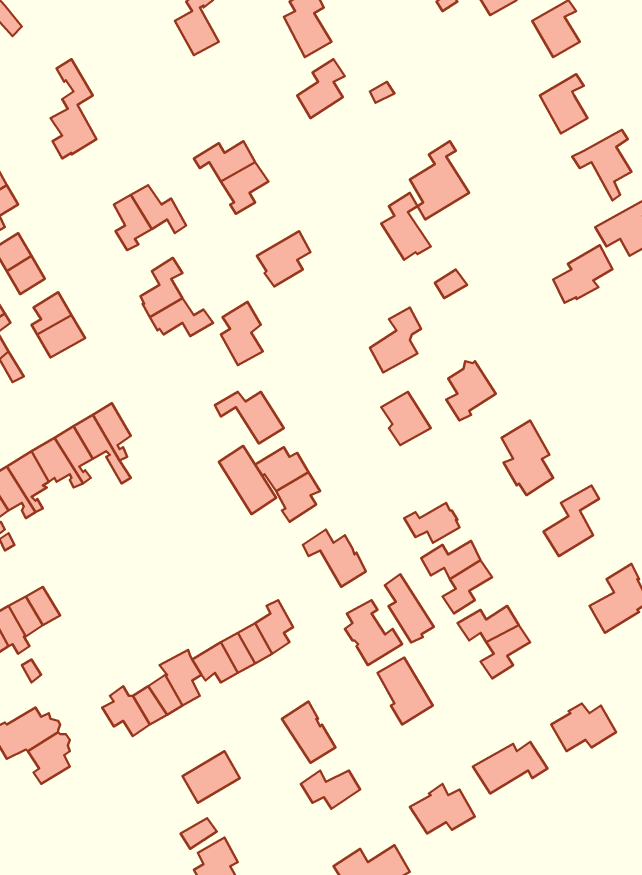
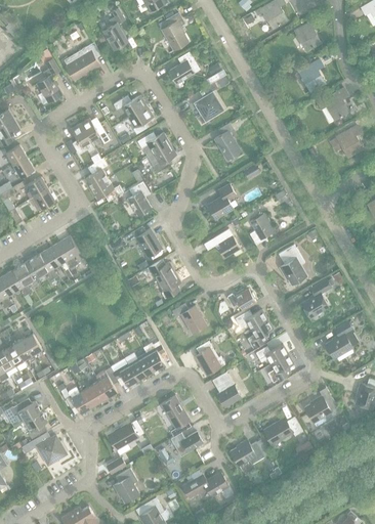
building: none -> [62,42,100,79]
building: [410,141,469,220] -> [192,81,223,123]
building: none -> [136,131,169,156]
building: [553,245,613,303] -> none
building: [219,446,276,514] -> none
building: [385,574,434,642] -> none
building: none -> [20,434,66,464]

